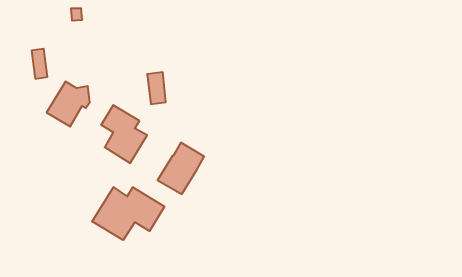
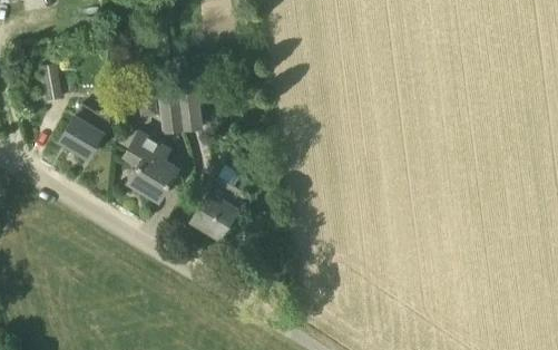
building: none -> [158,95,182,133]
building: [92,187,164,240] -> none

